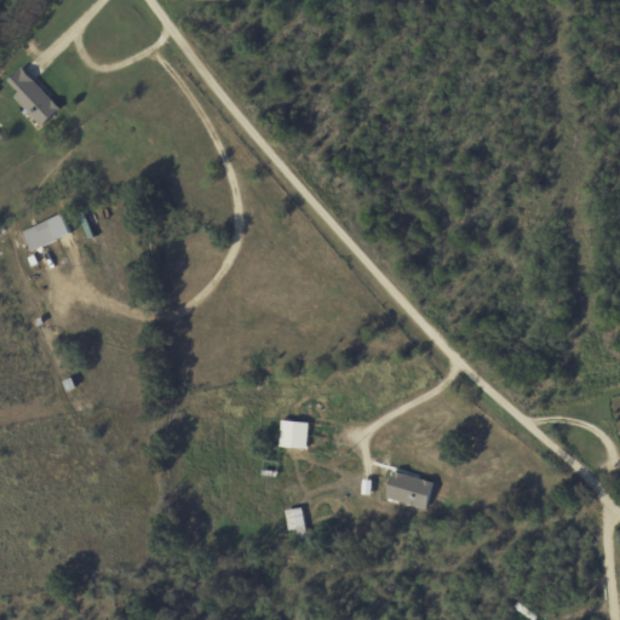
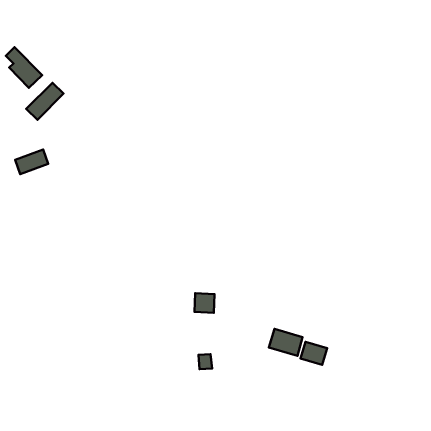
building: none -> [26,83,64,120]
building: none -> [301,342,327,365]

